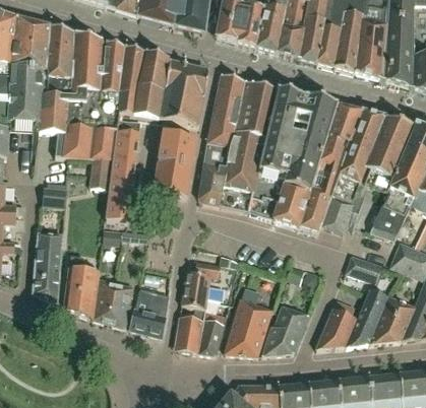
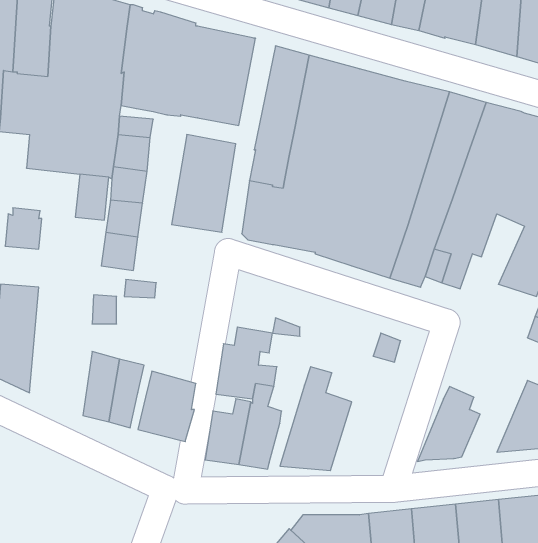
building: [345,254,381,282] -> none
building: [64,255,101,319] -> none
building: [346,287,389,346] -> none
building: [262,305,308,355] -> none

